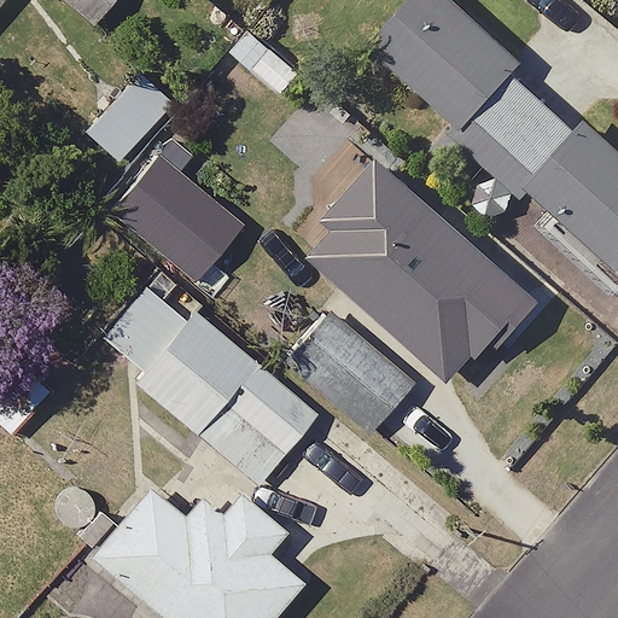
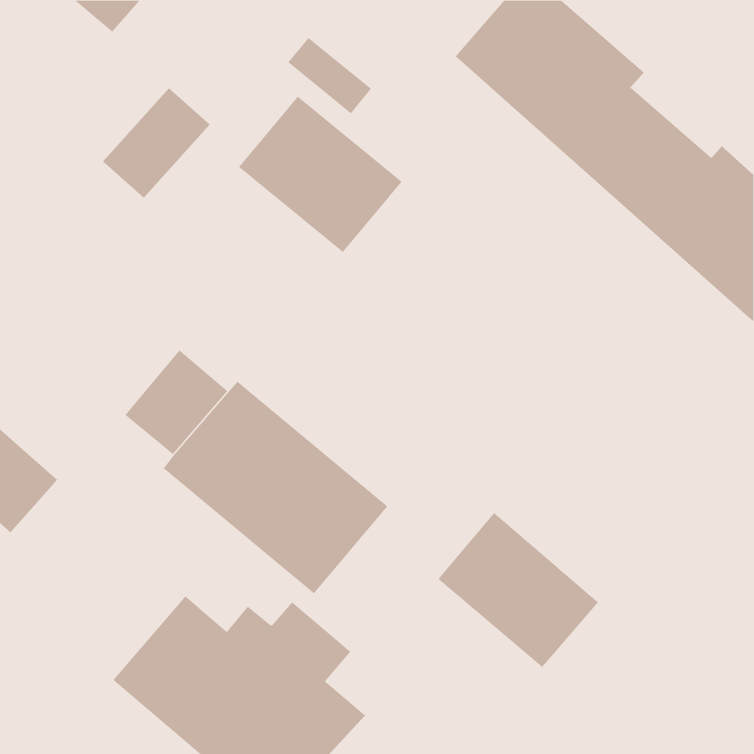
building: [107,157,241,285] -> [238,96,403,253]
building: [308,159,543,386] -> none
building: [282,309,414,436] -> [437,512,599,668]

